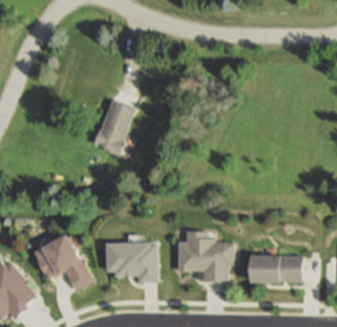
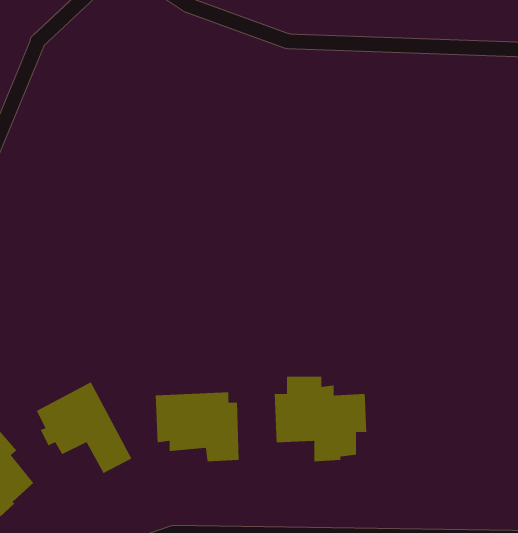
building: [92,100,133,154] -> none
building: [250,255,301,283] -> none

